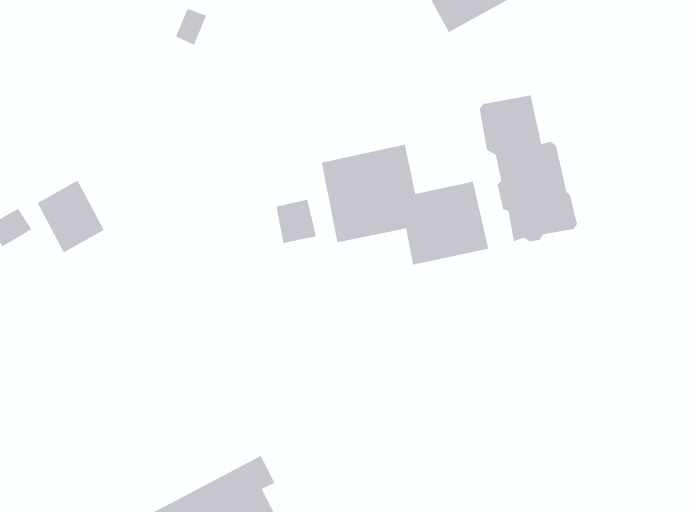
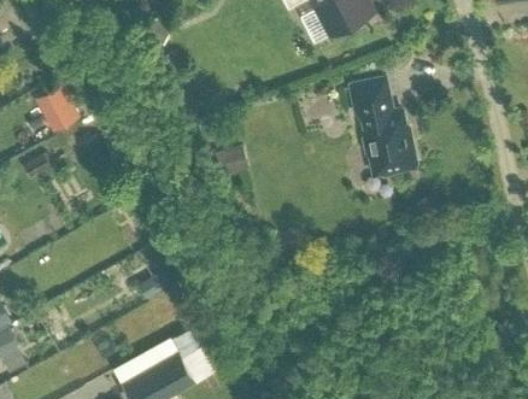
building: [321,144,489,265] -> none
building: [37,180,105,253] -> [35,86,81,135]

